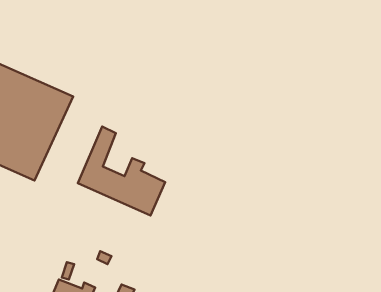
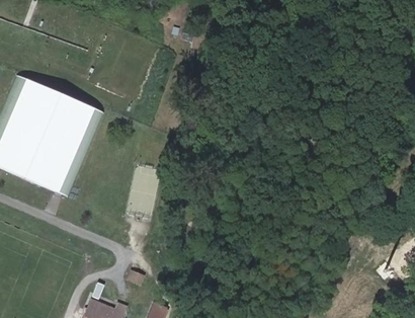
building: [78,126,165,215] -> none

